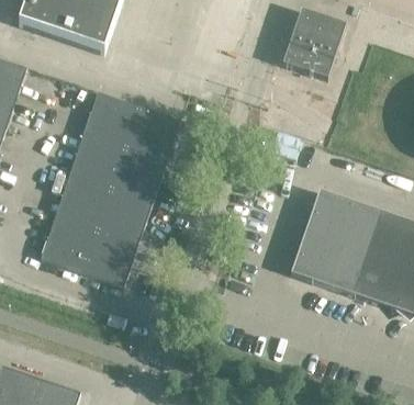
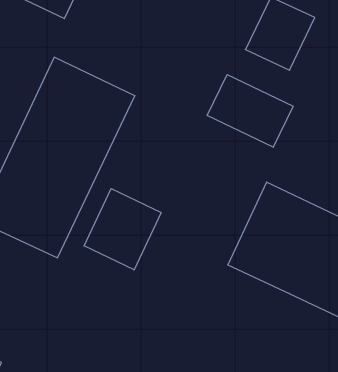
building: none -> [207,75,293,147]
building: none -> [84,189,161,270]

